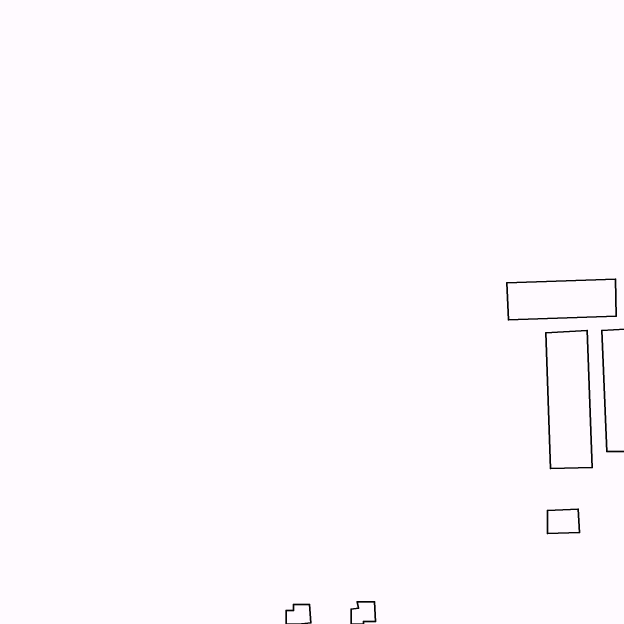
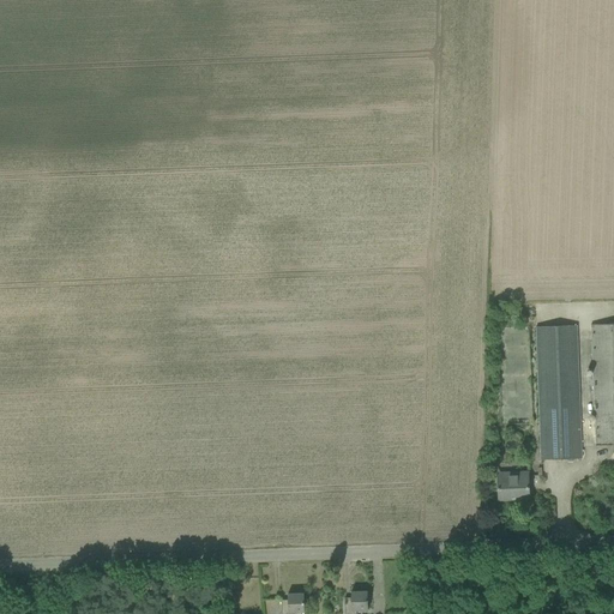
building: [507,279,616,320] -> none
building: [548,509,579,534] -> [499,475,530,499]

